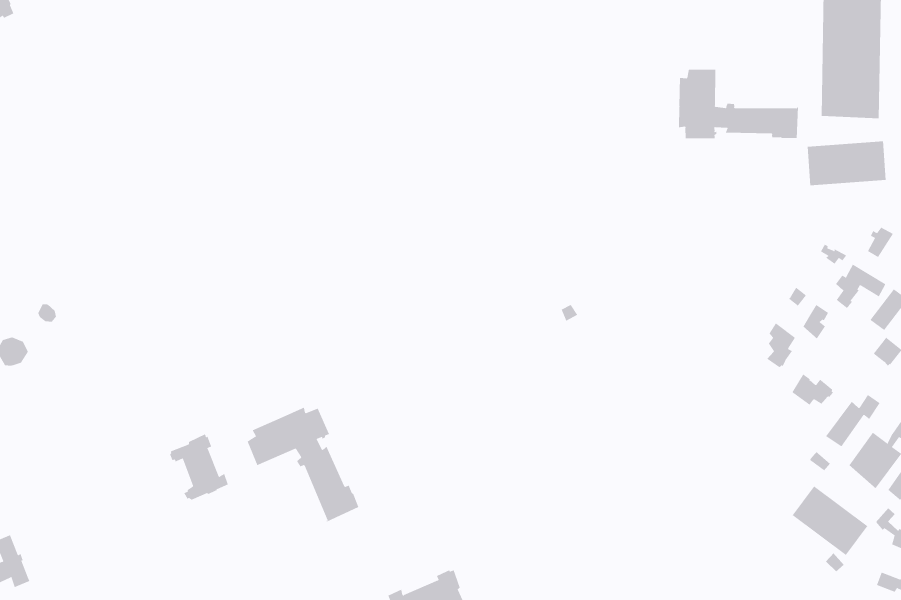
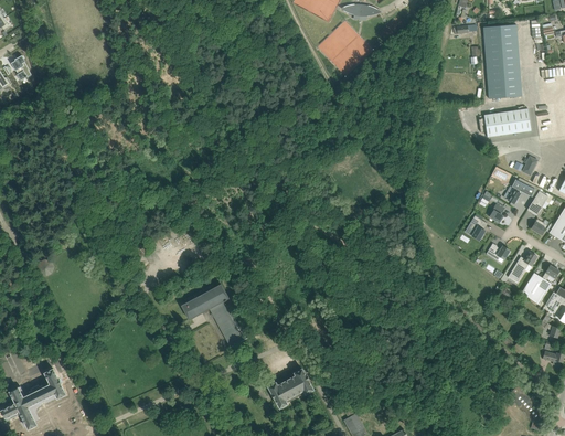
building: [678,69,799,139] -> none
building: [169,433,229,501] -> none
building: [792,485,868,556] -> none

